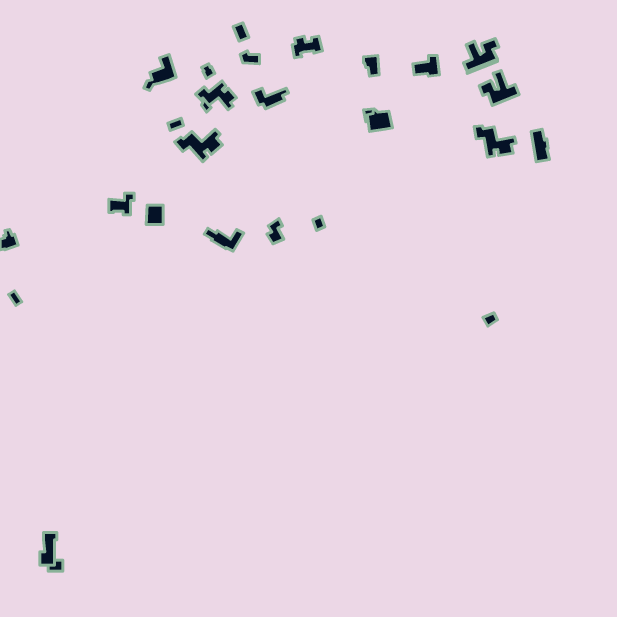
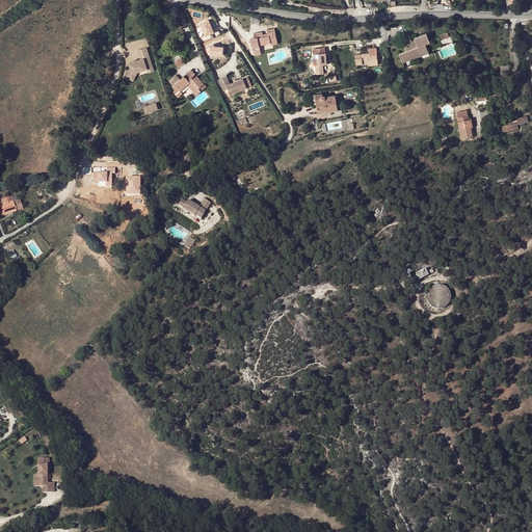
building: [479,70,519,105] -> none
building: [474,126,516,157] -> none
building: [175,129,223,162] -> none
building: none -> [427,285,451,310]

